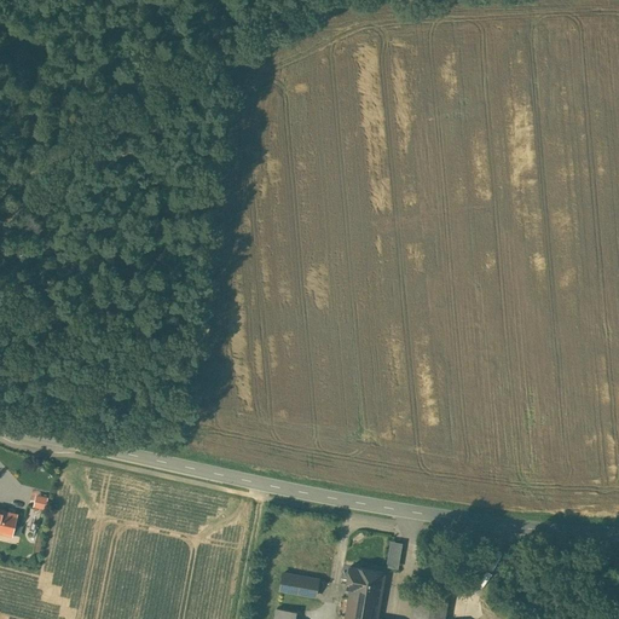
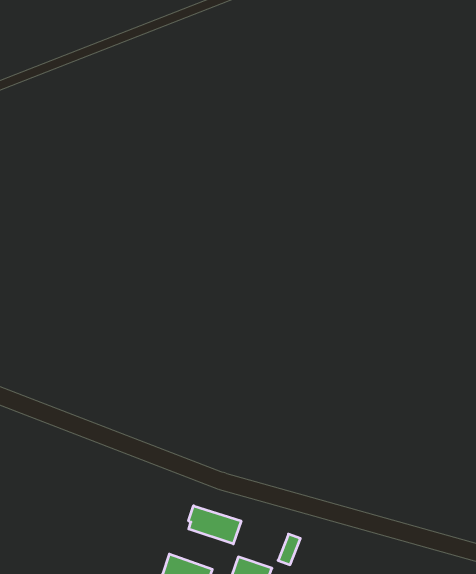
building: none -> [189,506,241,544]

